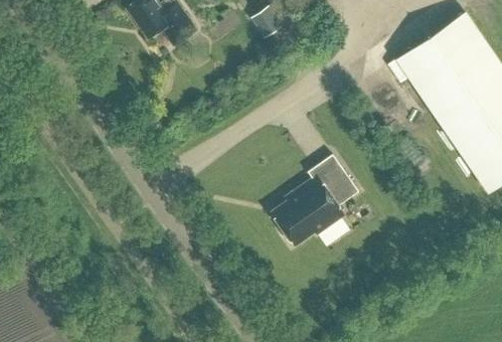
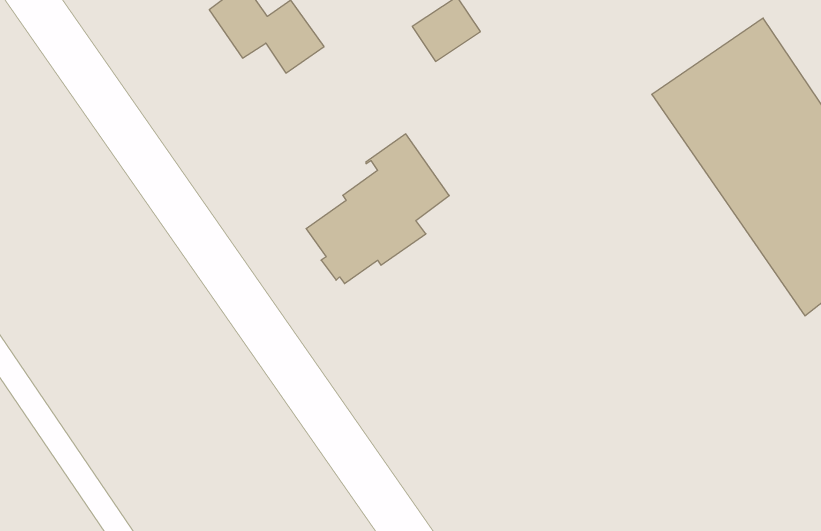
building: [272,154,358,244] -> [306,134,449,284]

